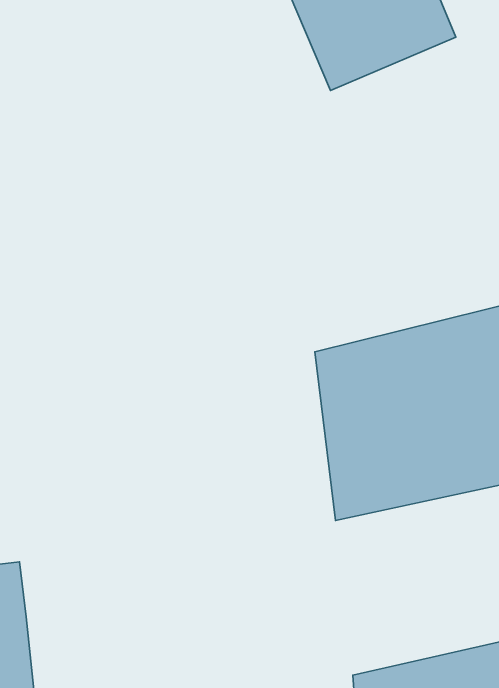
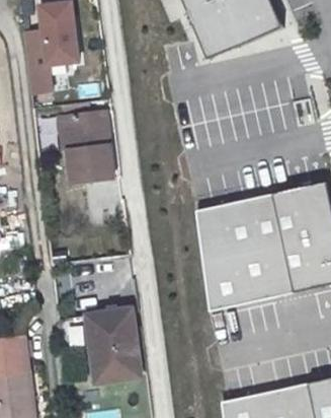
building: none -> [21,11,76,84]
building: none -> [63,102,110,177]
building: none -> [87,301,139,373]

